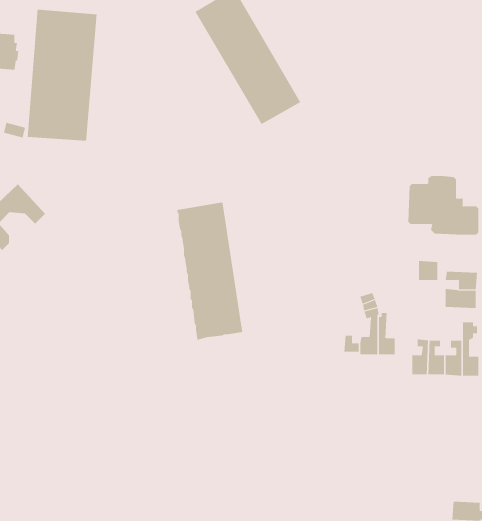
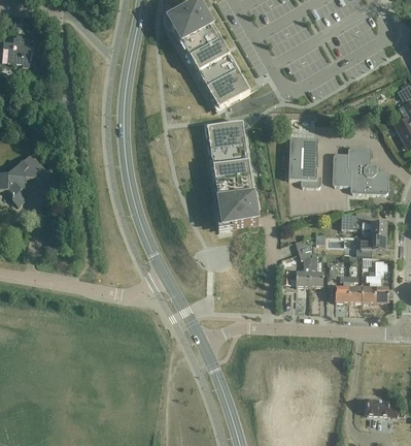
building: [27,9,97,141] -> none
building: none -> [288,137,320,186]
building: [177,202,243,340] -> [207,121,259,228]

